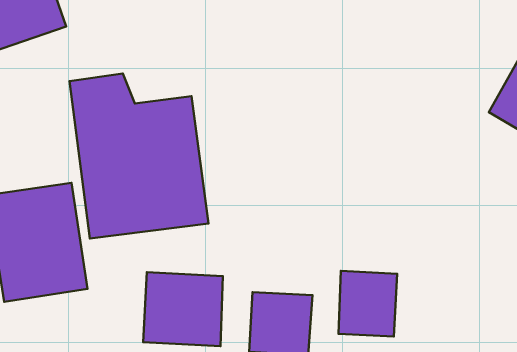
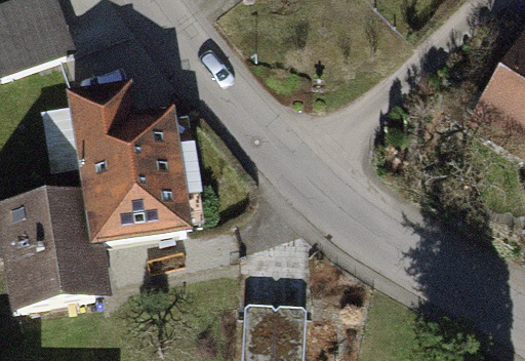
building: [339,271,397,337] -> none
building: [143,272,223,346] -> none

